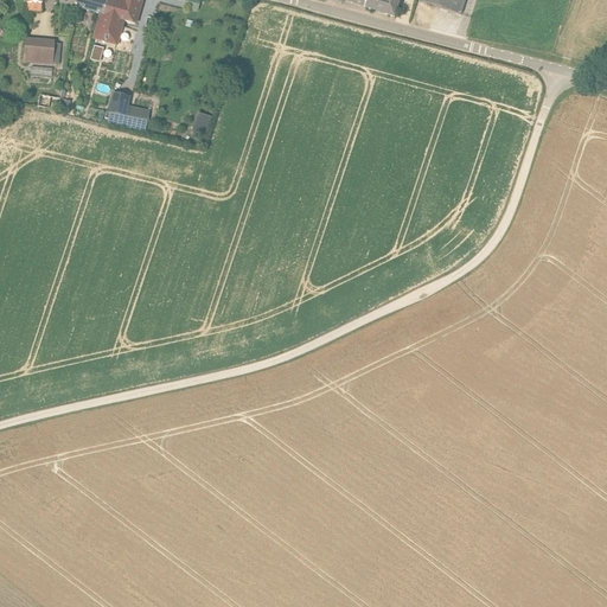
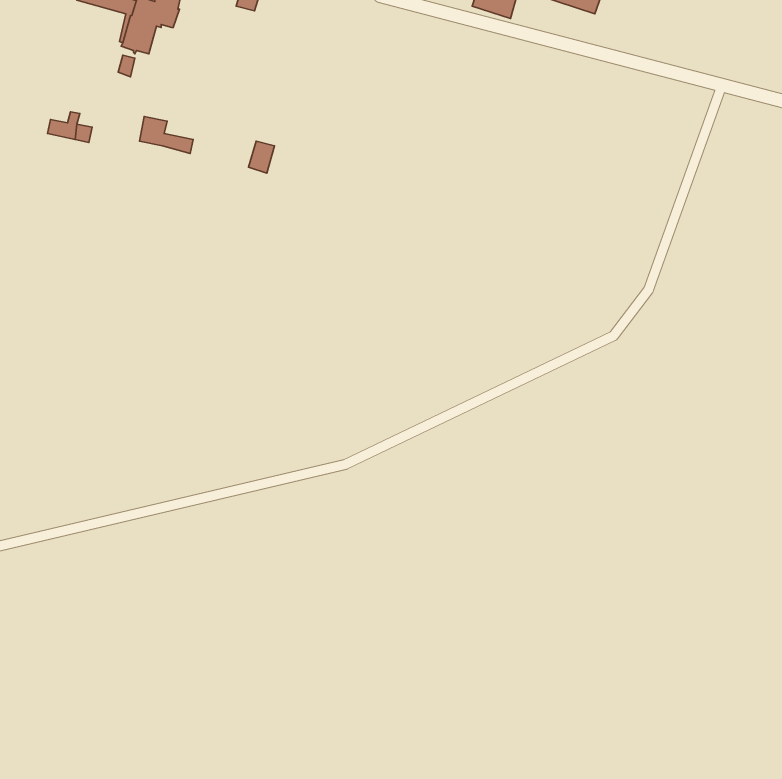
building: [24,37,56,62] -> none

